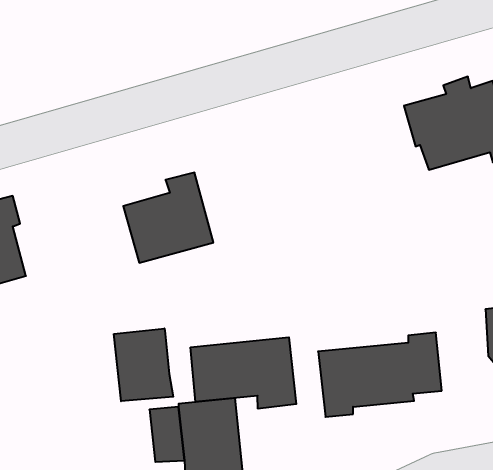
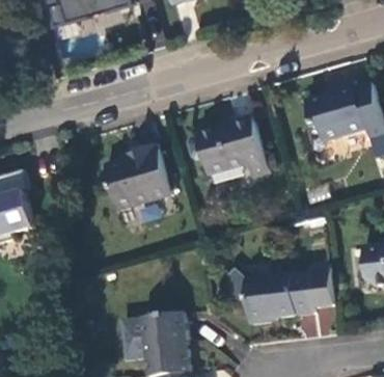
building: none -> [187,118,266,178]
building: [114,328,173,401] -> none
building: [191,337,296,409] -> none

